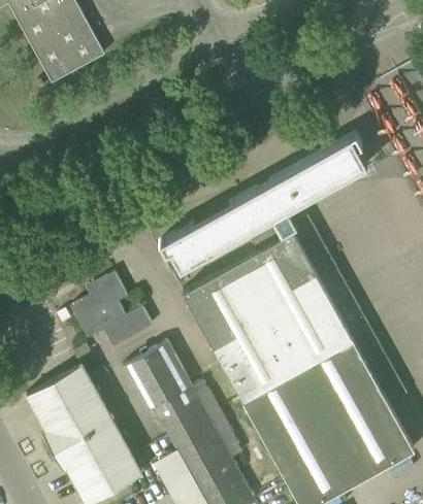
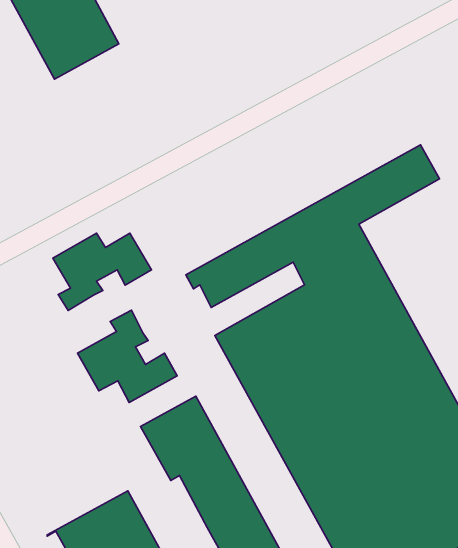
building: none -> [53,233,151,311]
building: [28,366,112,457] -> none

